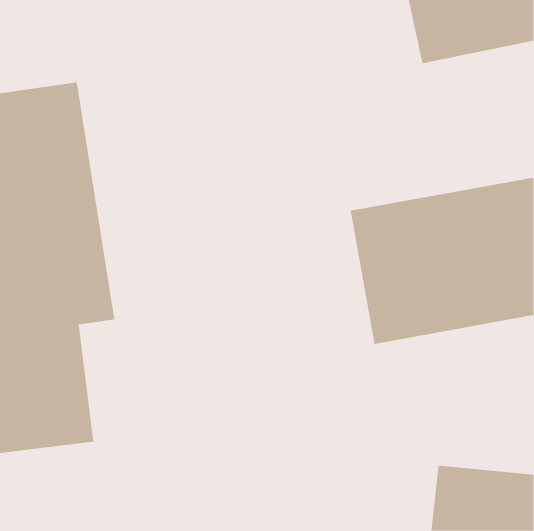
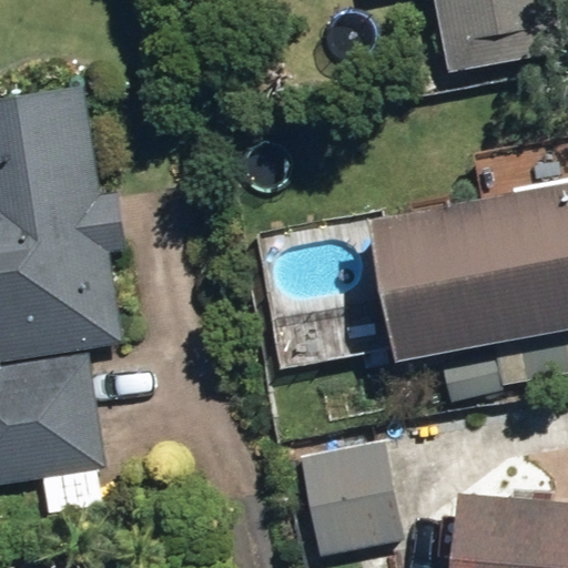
building: none -> [300,438,405,552]

